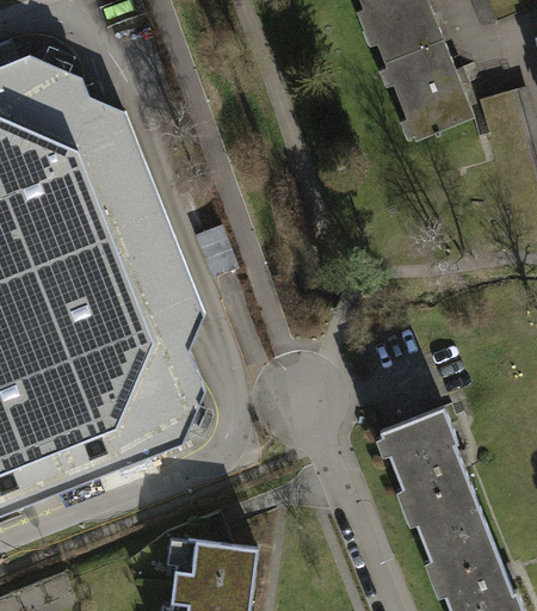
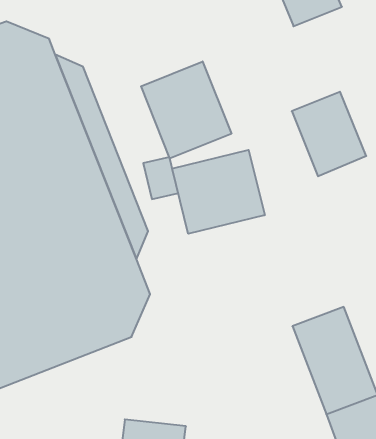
building: [381,37,473,141] -> [292,92,366,176]
building: none -> [141,61,231,159]
building: none -> [172,150,265,234]

